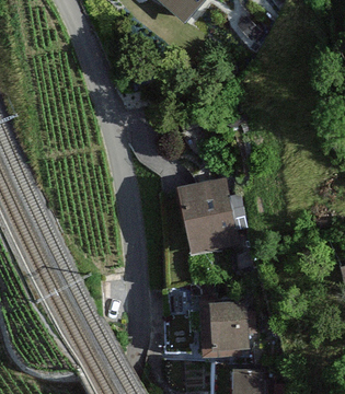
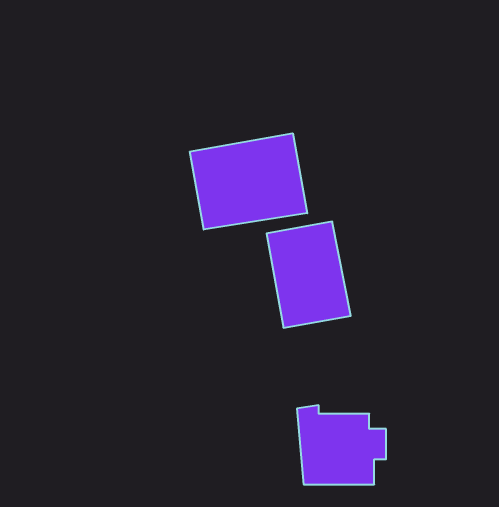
building: none -> [190,133,307,230]

